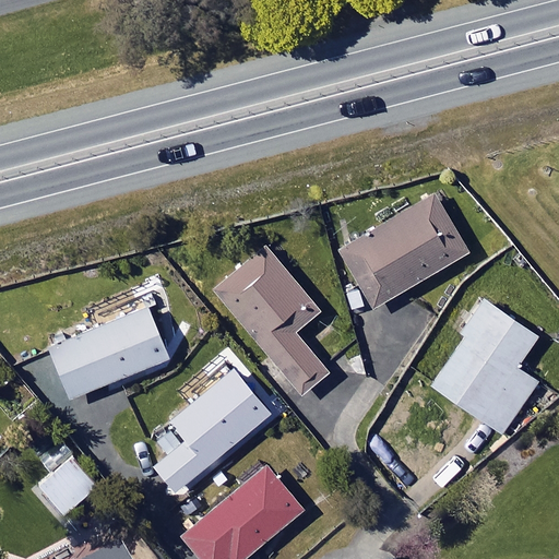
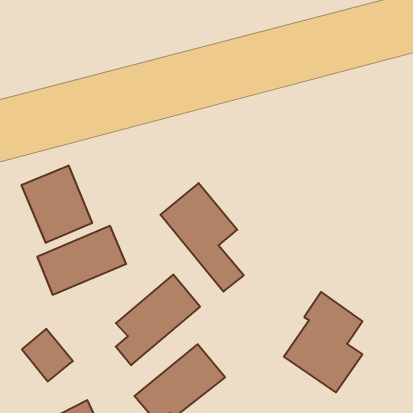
building: [336,194,468,310] -> none
building: none -> [22,165,92,243]
building: [431,298,537,433] -> [284,292,362,392]

